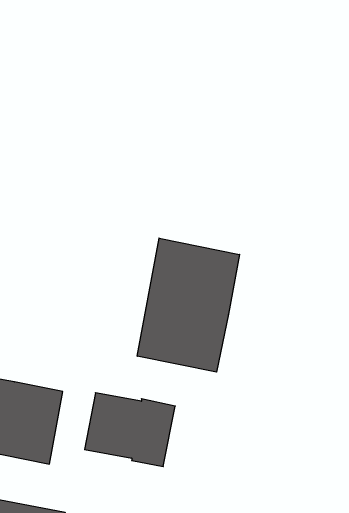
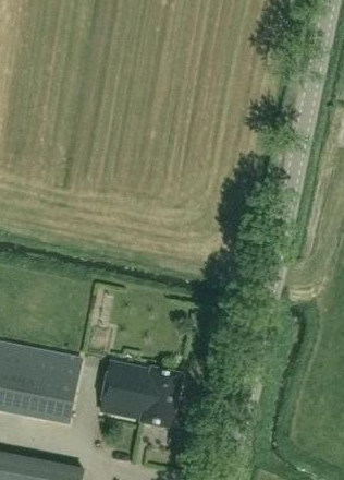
building: [137,238,240,372] -> none

